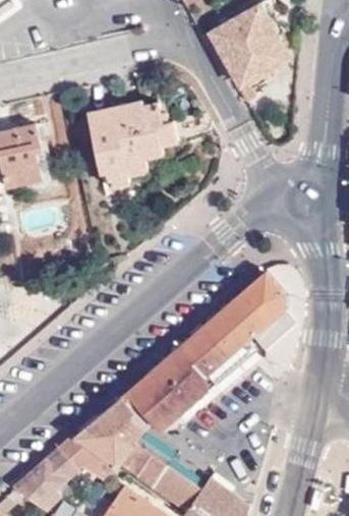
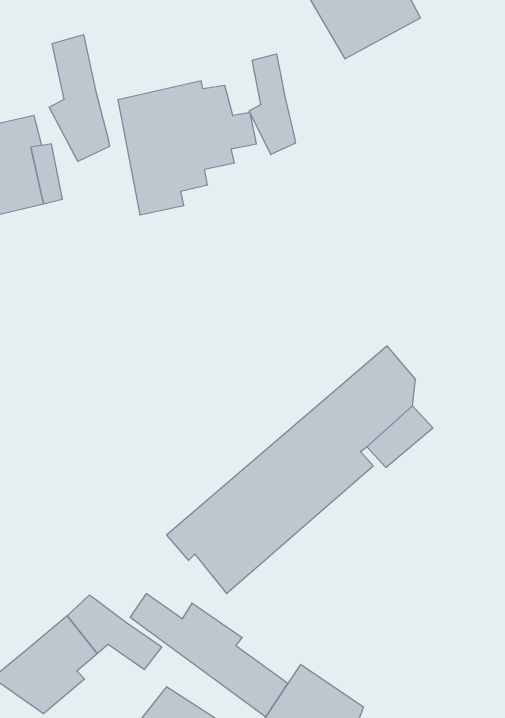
building: none -> [49,35,109,162]
building: none -> [249,54,295,155]
building: [75,394,148,450] -> none

